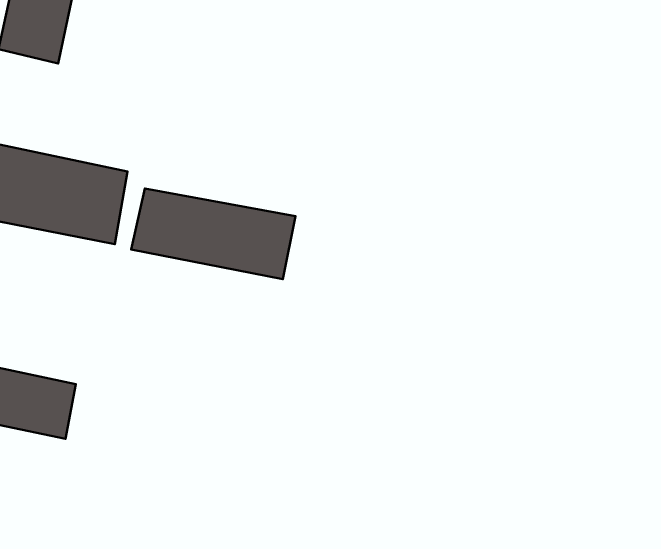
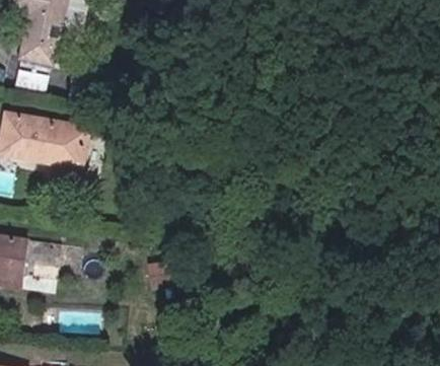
building: [131,189,296,279] -> none

